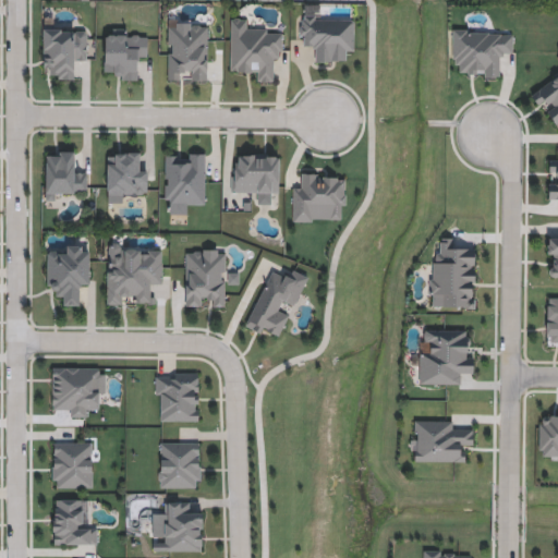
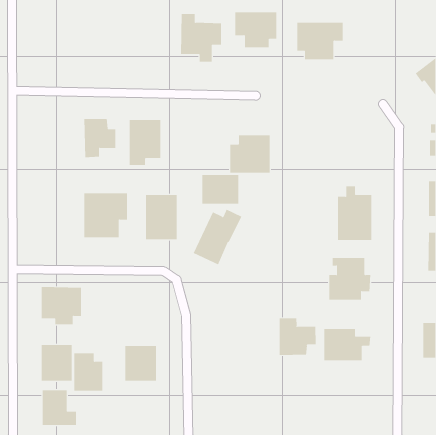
building: [168,23,208,81] -> none
building: [44,27,88,80] -> none
building: [105,29,148,80] -> none
building: [453,29,513,77] -> [297,22,344,60]
building: [45,151,88,195] -> none
building: [232,155,280,193] -> [202,174,239,204]
building: [47,245,92,306] -> none
building: [155,373,199,422] -> none
building: none -> [279,317,316,356]
building: [165,502,203,551] -> [73,353,103,391]

